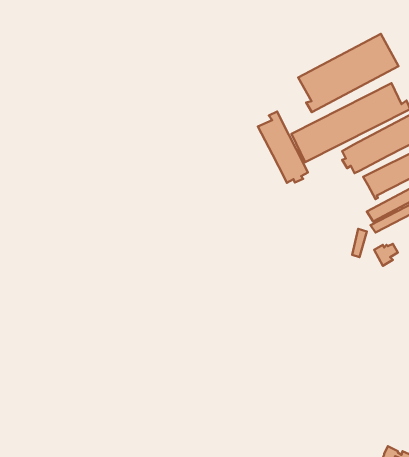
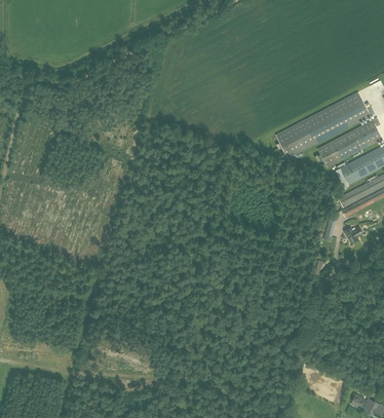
building: [298,34,398,112] -> none
building: [258,111,308,183] -> none

